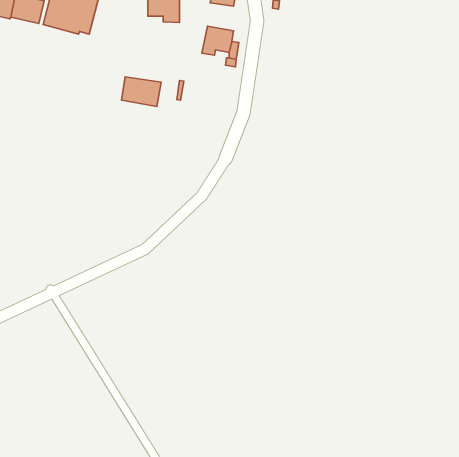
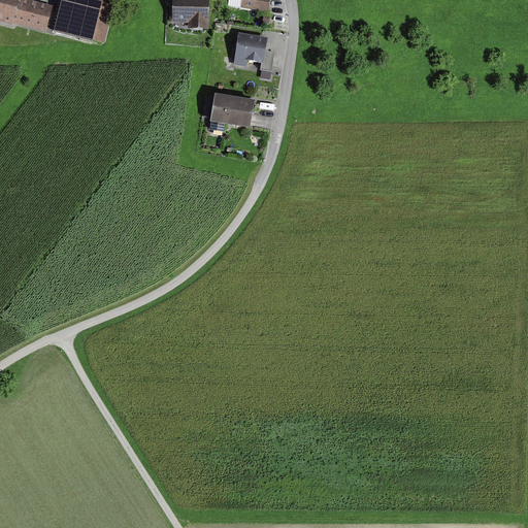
building: [122,77,161,107] -> [209,93,255,127]

